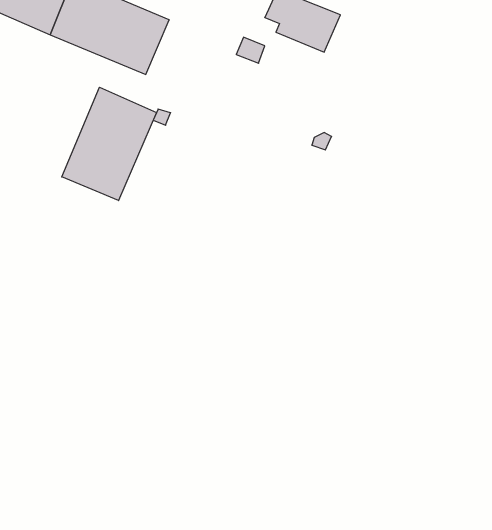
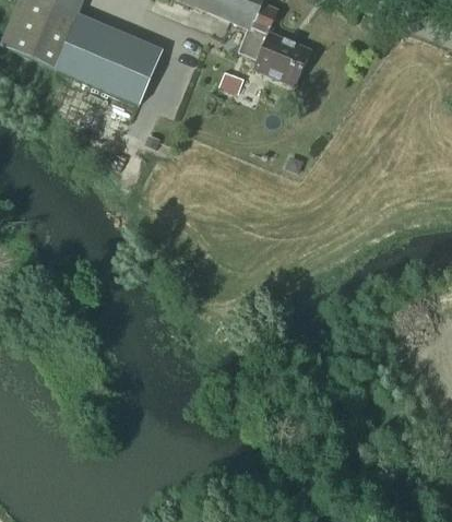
building: [62,87,156,201] -> none

